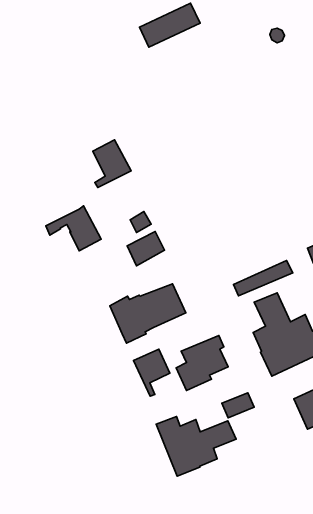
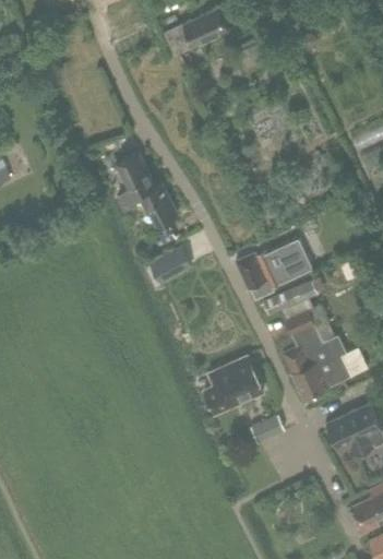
building: [46,206,101,251] -> [120,181,178,228]
building: [110,284,186,343] -> [235,239,314,301]
building: [133,349,170,396] -> none
building: [156,417,236,476] -> none

